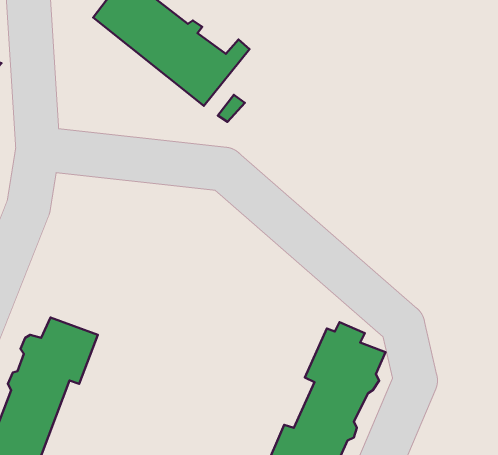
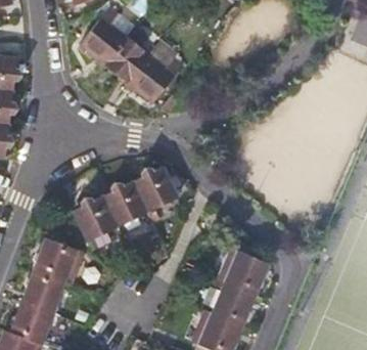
building: none -> [72,167,178,242]

